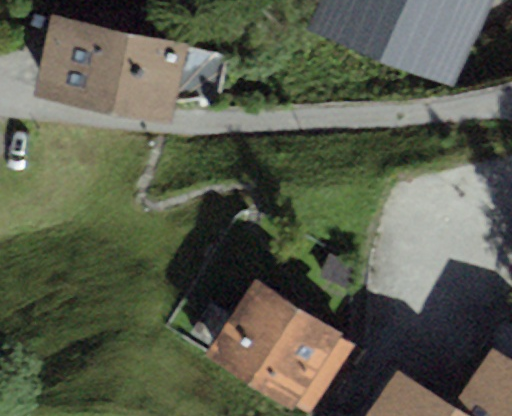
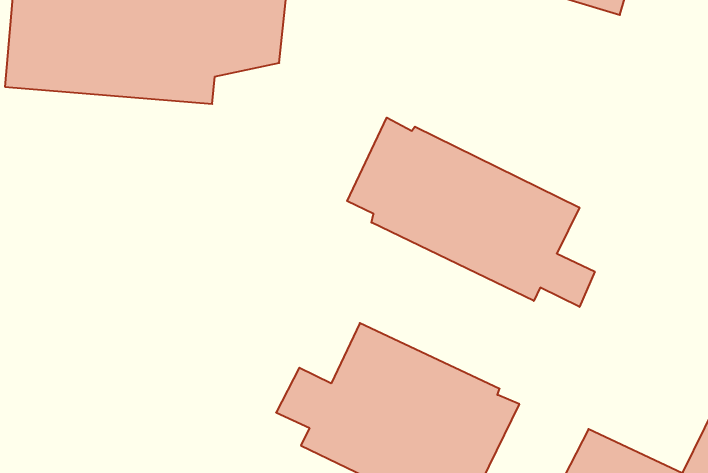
building: none -> [347,118,595,307]

